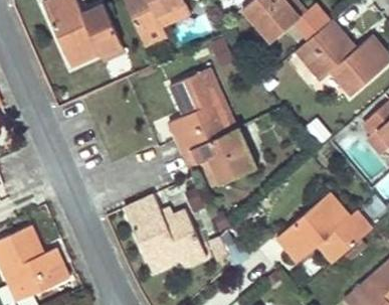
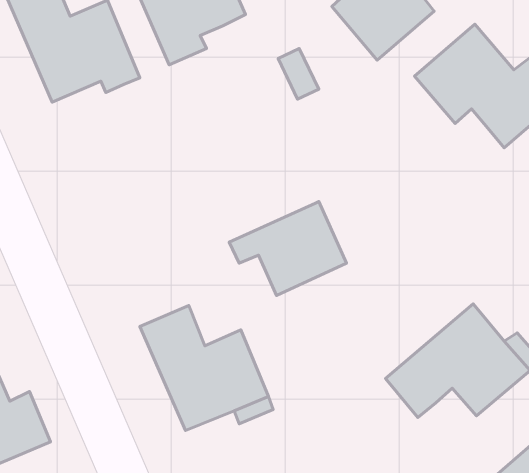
building: [166,68,233,154] -> none

